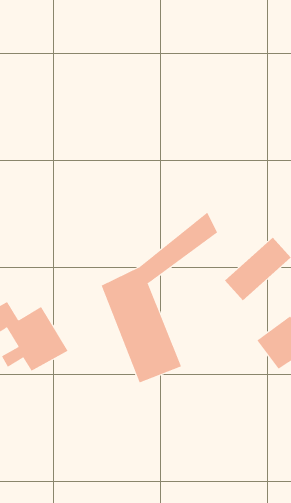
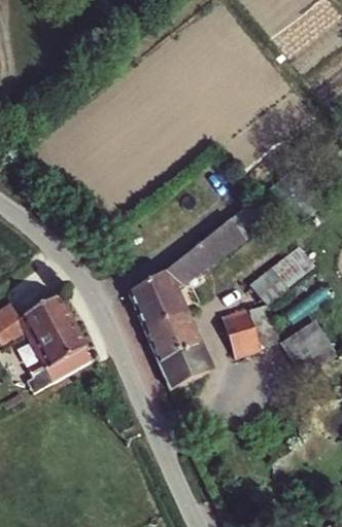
building: none -> [225,306,284,357]

